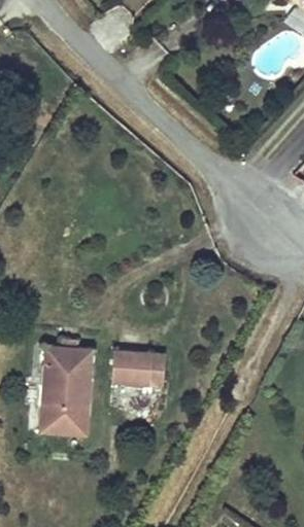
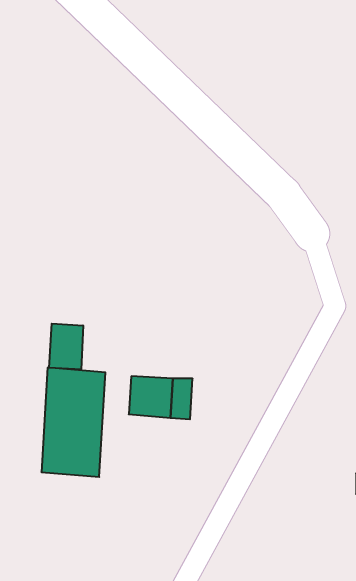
building: none -> [49,324,83,370]

